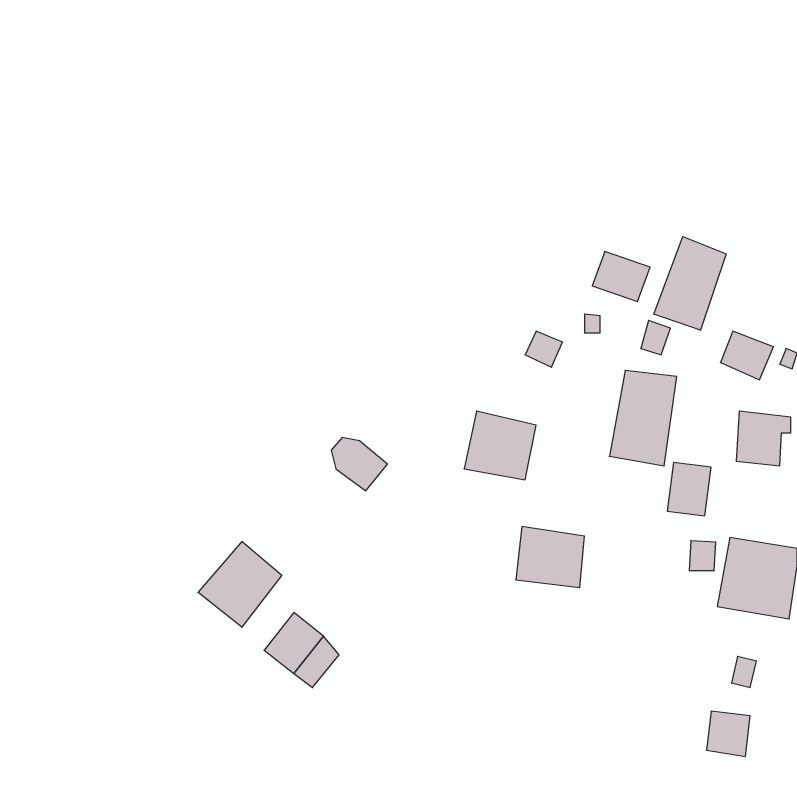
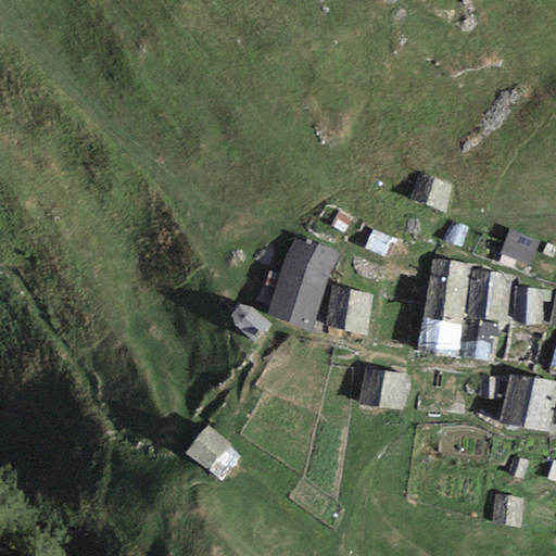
building: [654,237,726,330] -> none
building: none -> [266,238,338,330]
building: none -> [469,269,510,320]
building: none -> [418,317,462,354]
building: [198,541,282,627] -> none

